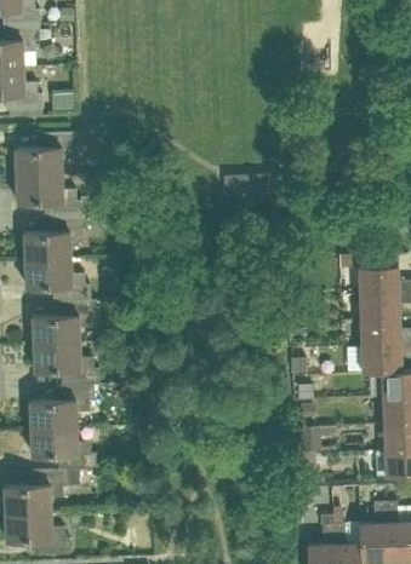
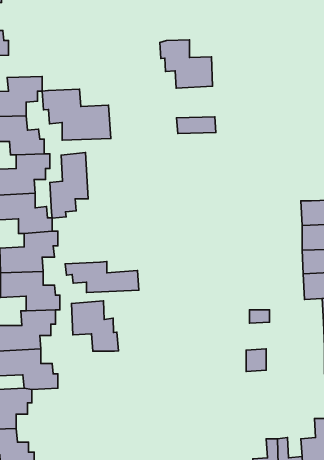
building: none -> [160,40,212,88]
building: none -> [42,89,111,140]
building: none -> [50,152,88,218]
building: none -> [65,261,139,293]
building: none -> [71,301,118,351]

